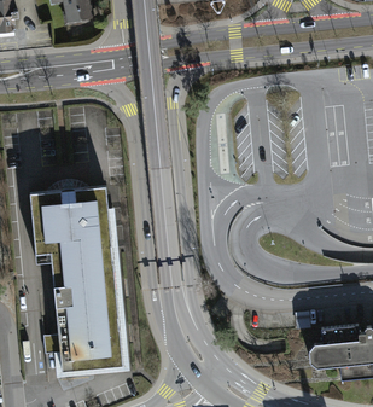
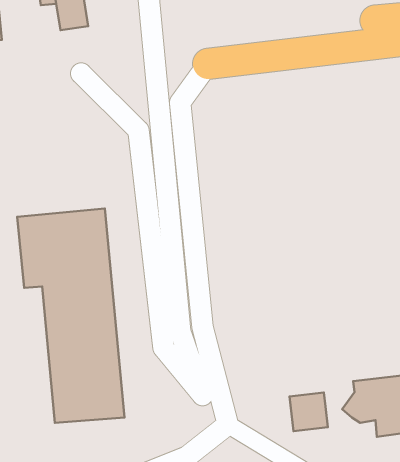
building: none -> [289,392,328,431]

